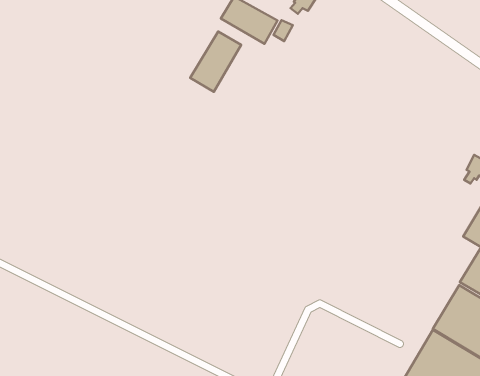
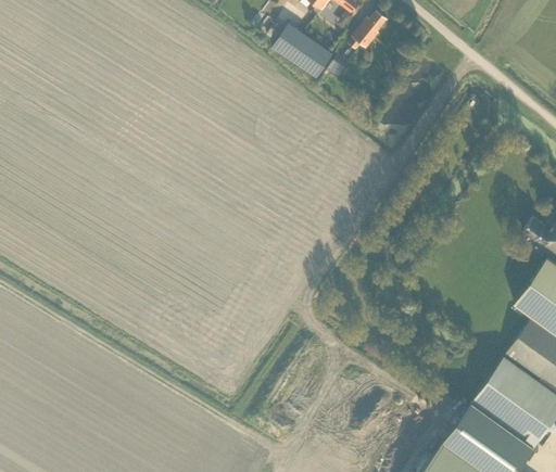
building: [190,32,241,92] -> none

